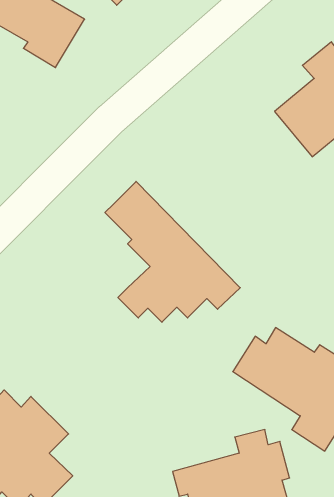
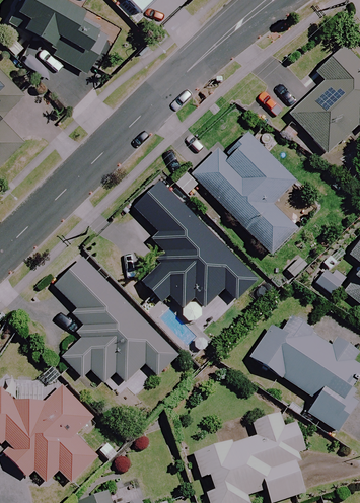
building: none -> [193,131,297,254]
building: none -> [54,255,178,380]

